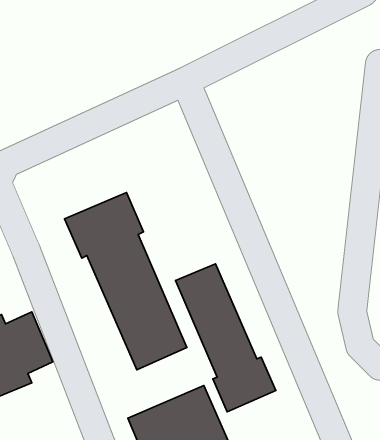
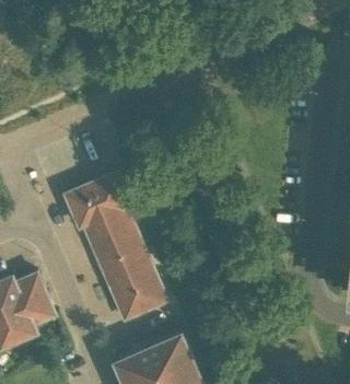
building: [176,264,276,412] -> none

